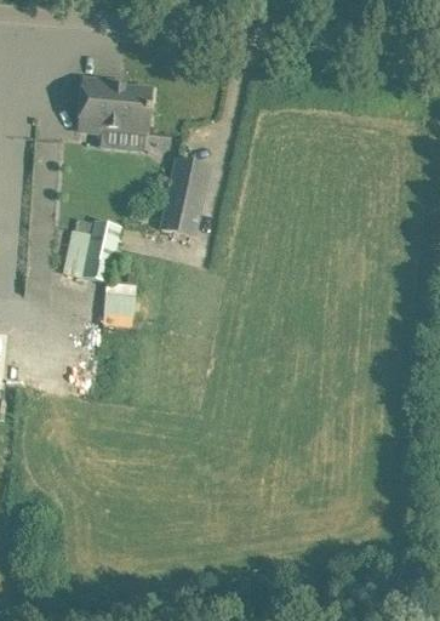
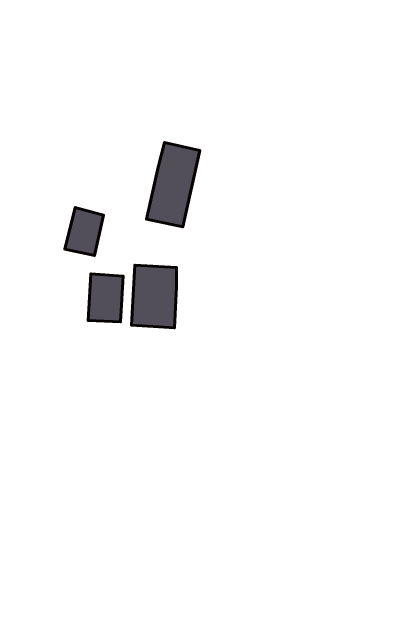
building: [78,79,150,133] -> none
building: none -> [132,265,176,328]

